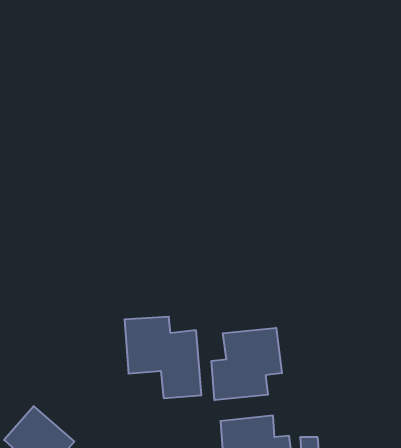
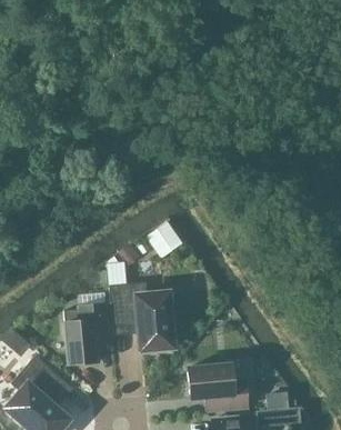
building: [211,328,282,400] -> none
building: none -> [66,303,109,364]

